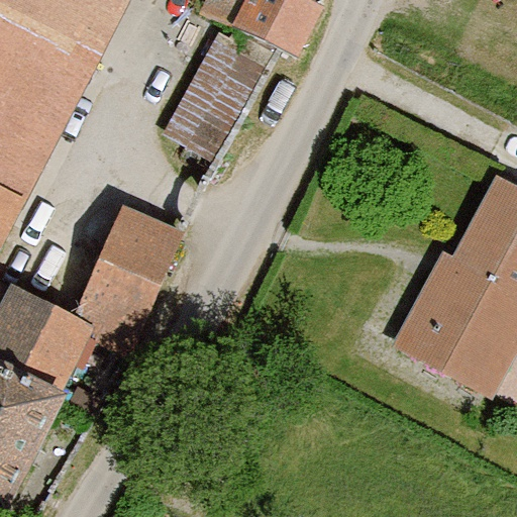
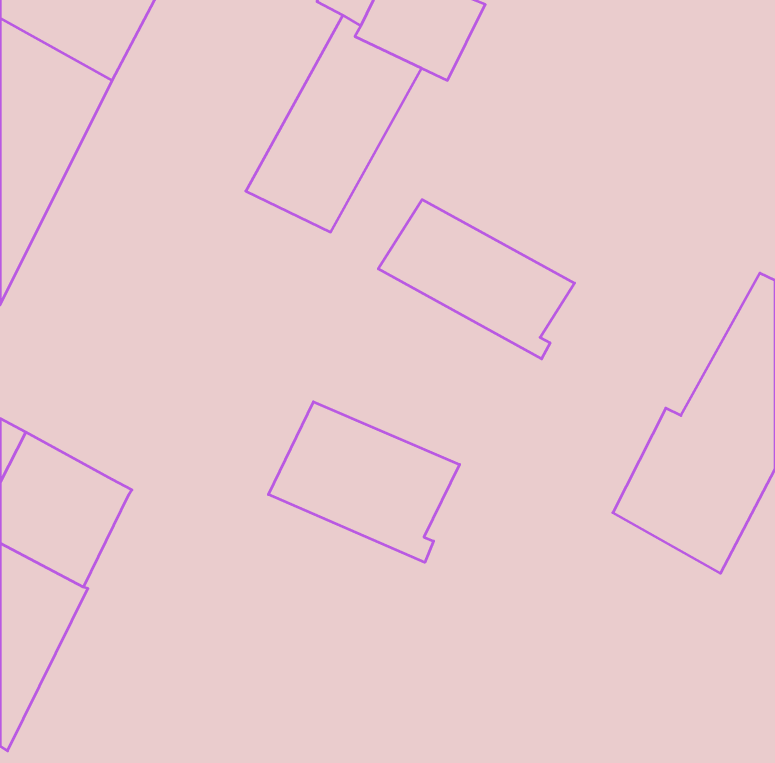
building: none -> [378,200,575,359]
building: [75,217,180,352] -> none
building: none -> [268,402,460,562]

